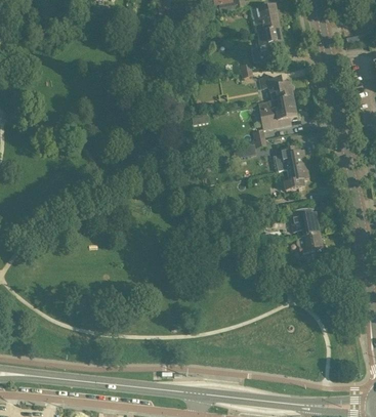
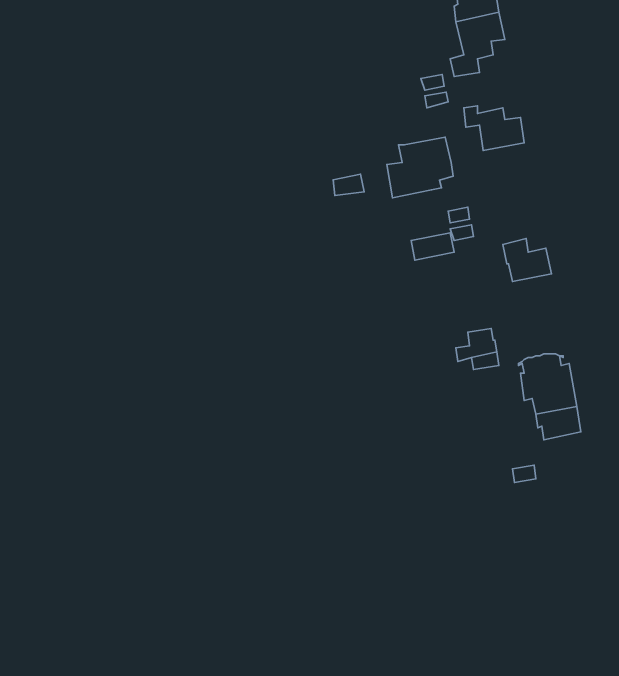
building: [262,95,297,127] -> [387,137,453,198]
building: [285,164,309,190] -> none

